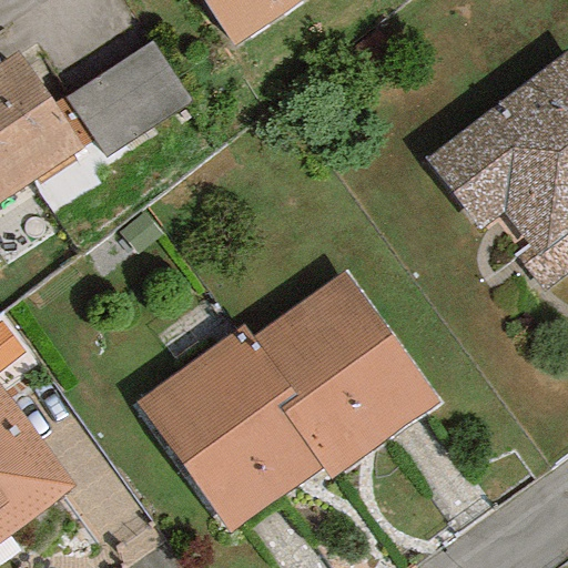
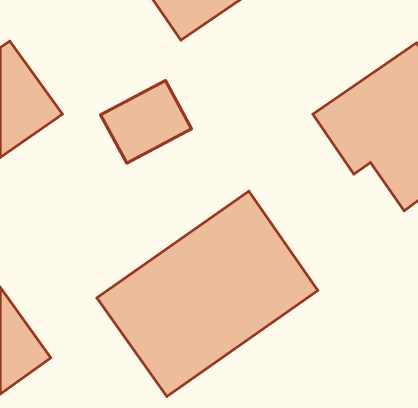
building: [73,26,196,138] -> [100,80,192,163]

